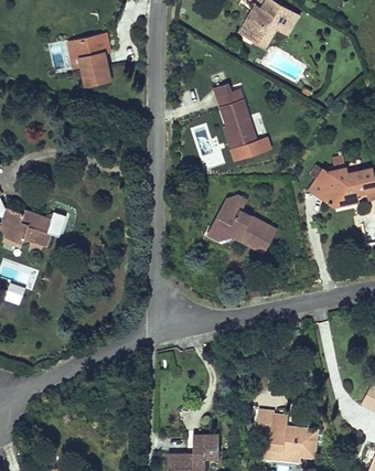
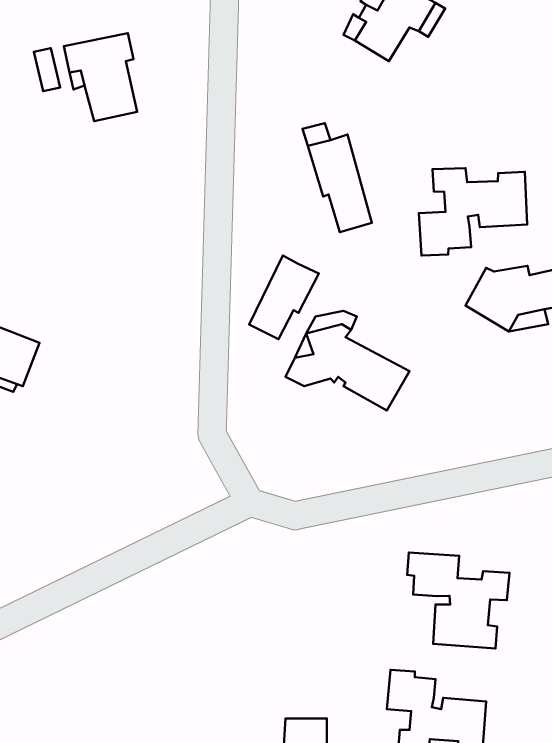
building: none -> [419,168,527,256]
building: none -> [249,255,319,339]
building: none -> [407,553,510,649]

